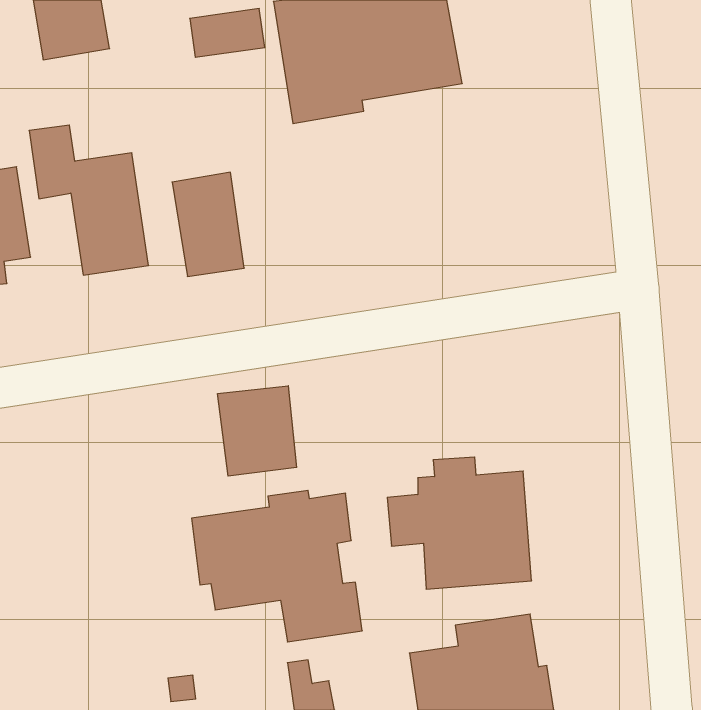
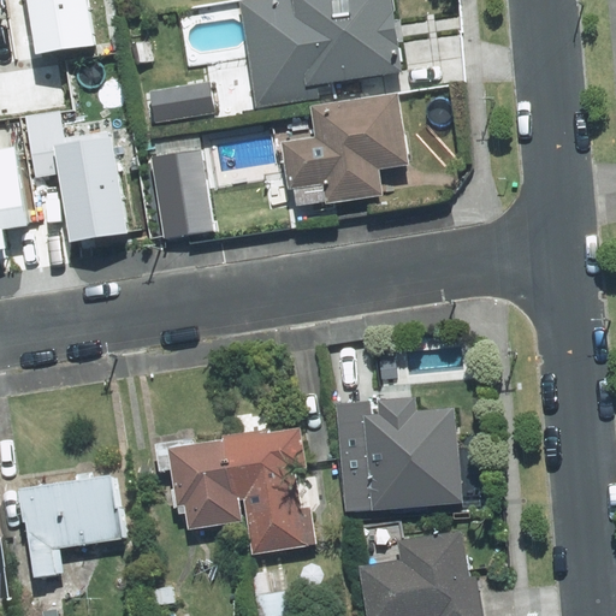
building: [190,9,265,57] -> [147,83,212,125]
building: none -> [278,93,408,207]
building: [218,386,297,476] -> none
building: none -> [18,474,125,579]

